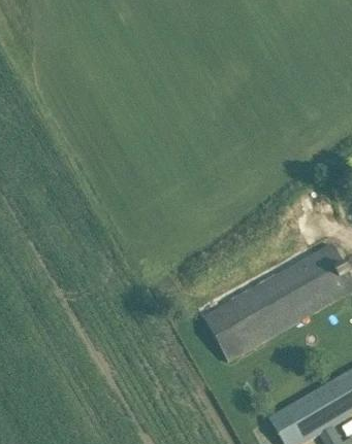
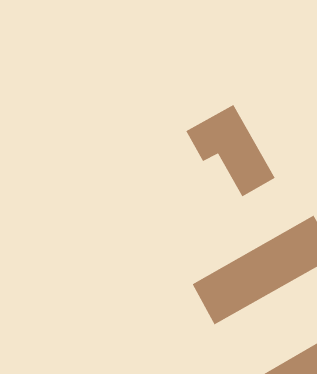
building: none -> [185,104,275,197]

